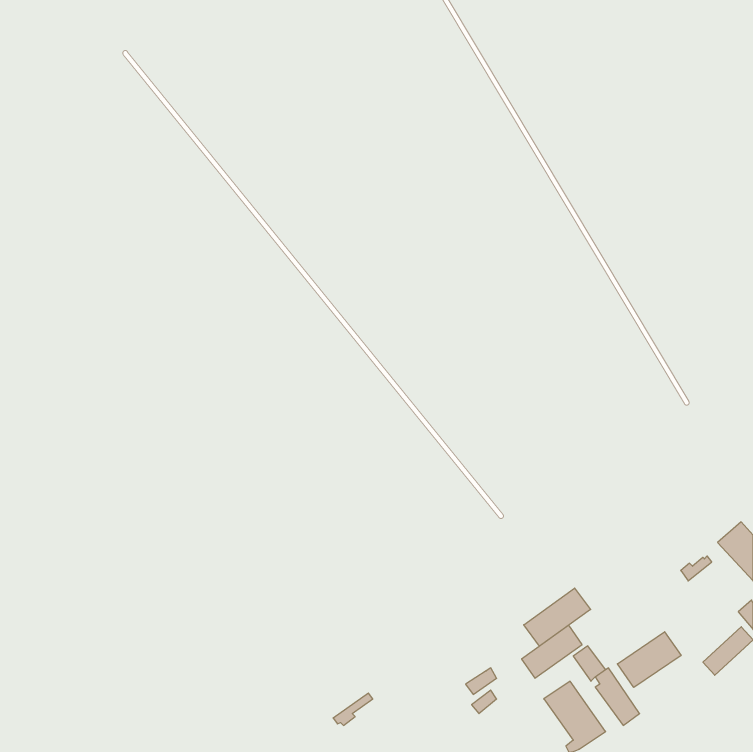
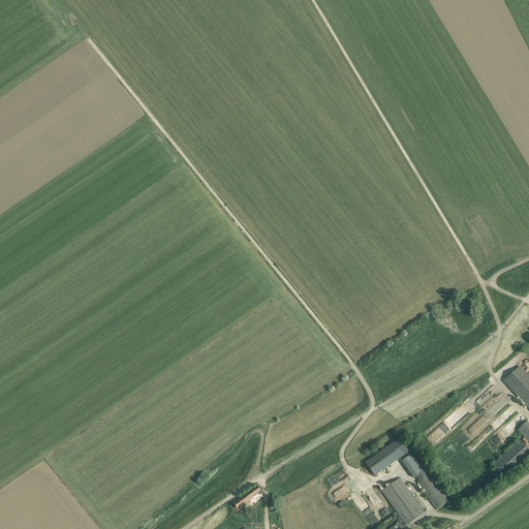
building: [524,588,591,646] -> none
building: [617,632,681,687] -> none

